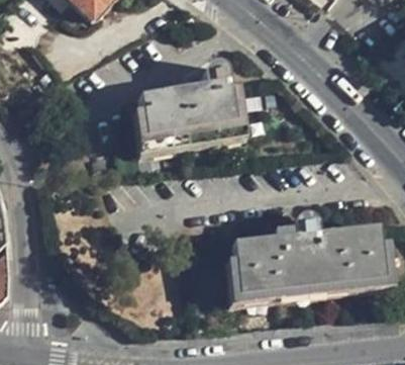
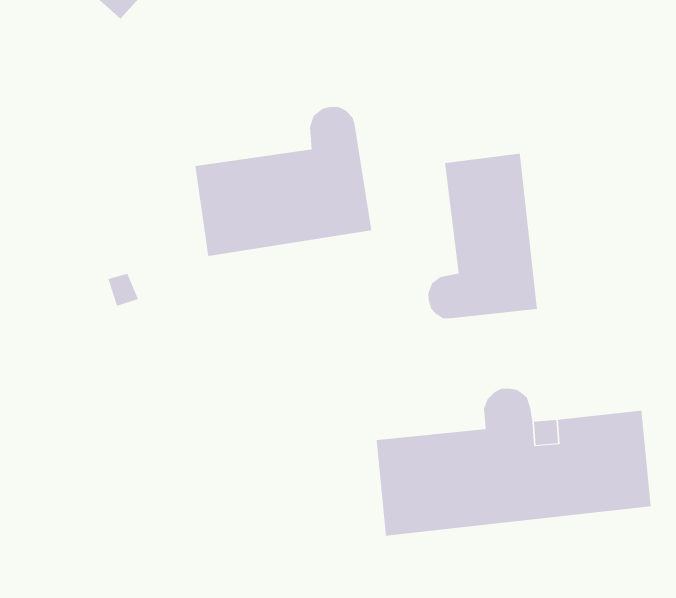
building: none -> [428,153,538,319]

